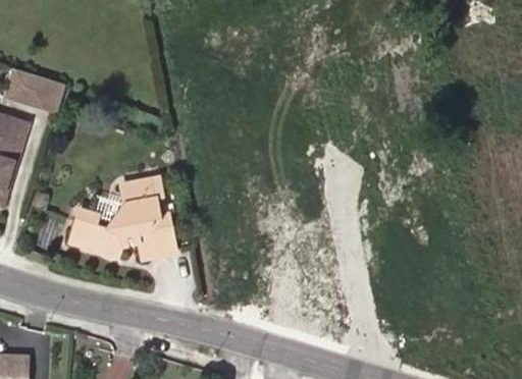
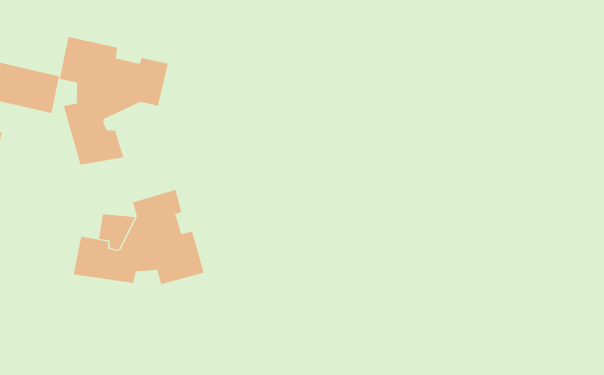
building: none -> [59,36,169,166]

